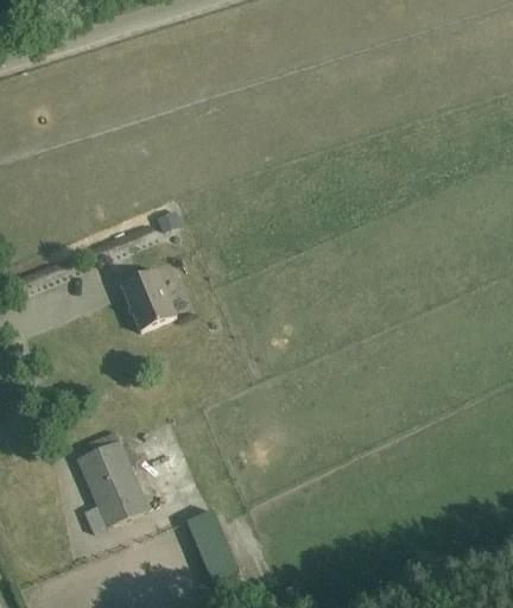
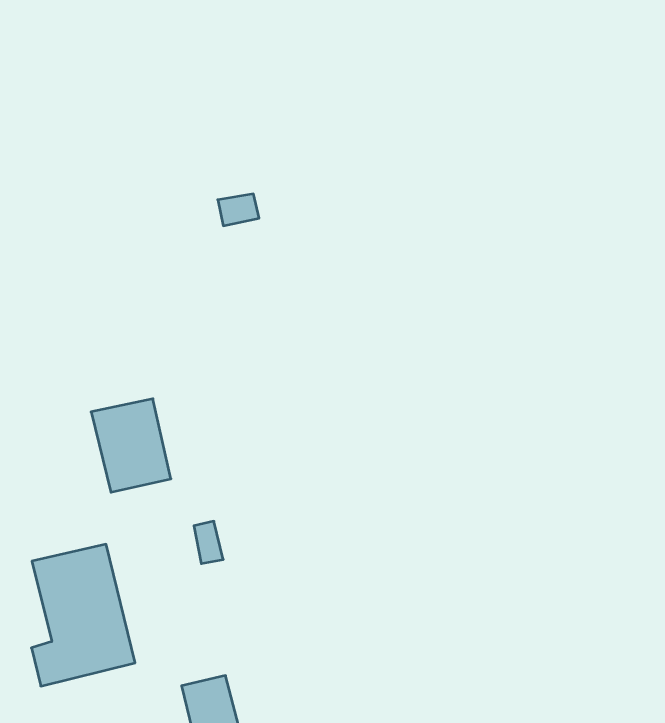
building: [122,267,178,329] -> [91,399,171,492]

